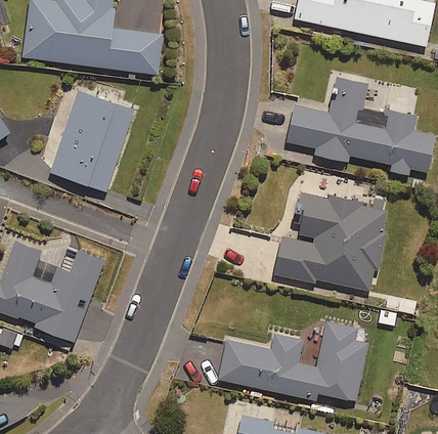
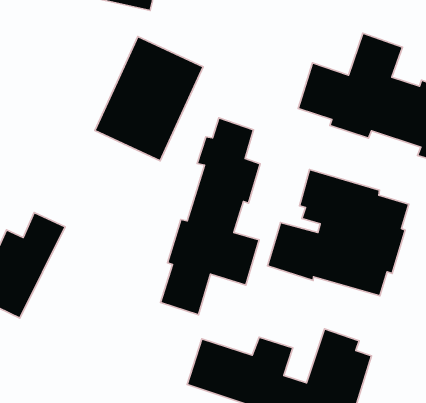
building: [49,91,133,191] -> [95,37,203,161]
building: none -> [160,118,260,315]

